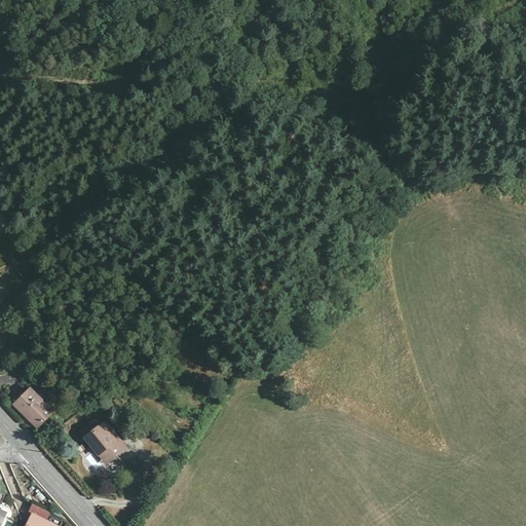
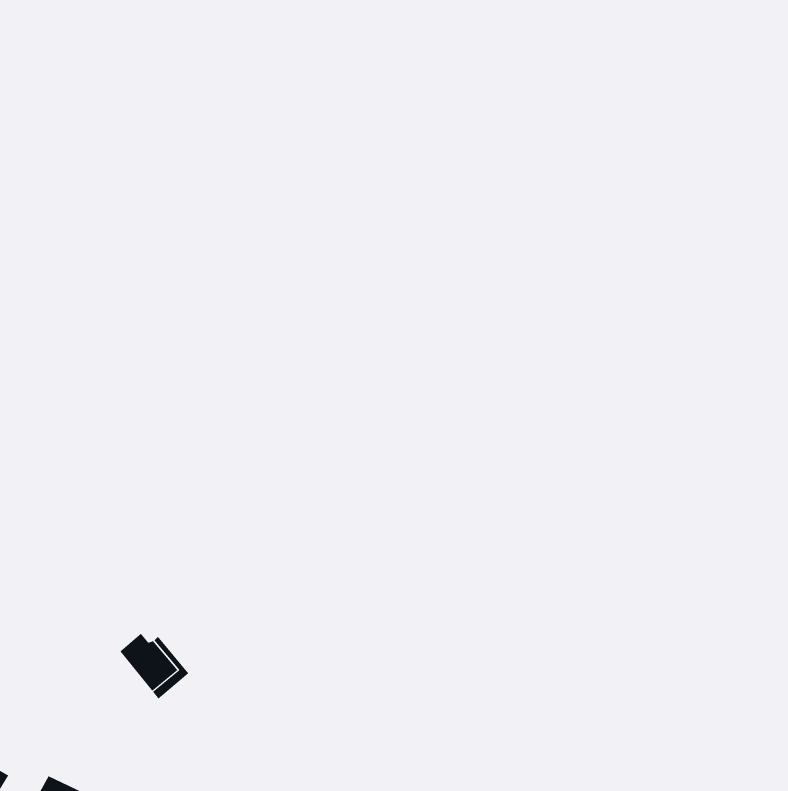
building: [15,388,51,427] -> none

